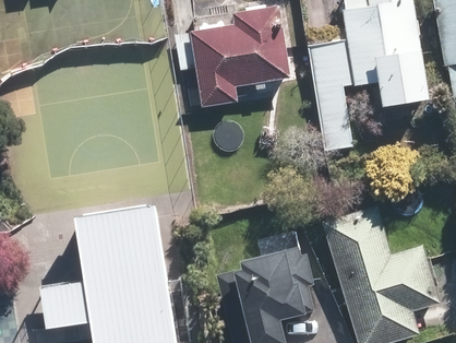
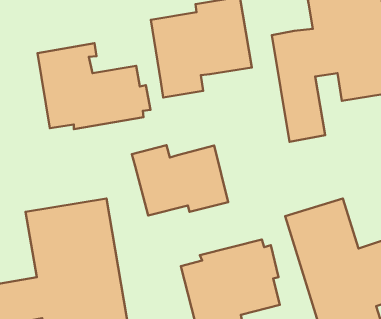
building: none -> [37,43,150,129]
building: none -> [132,145,228,216]

